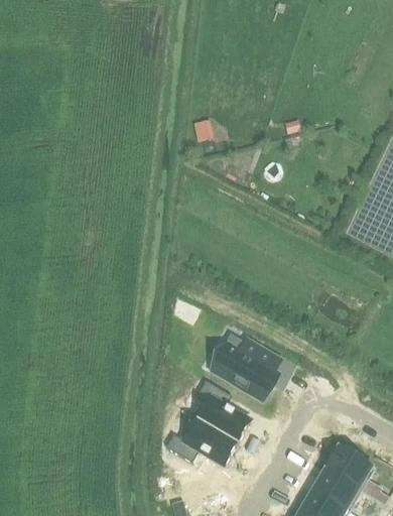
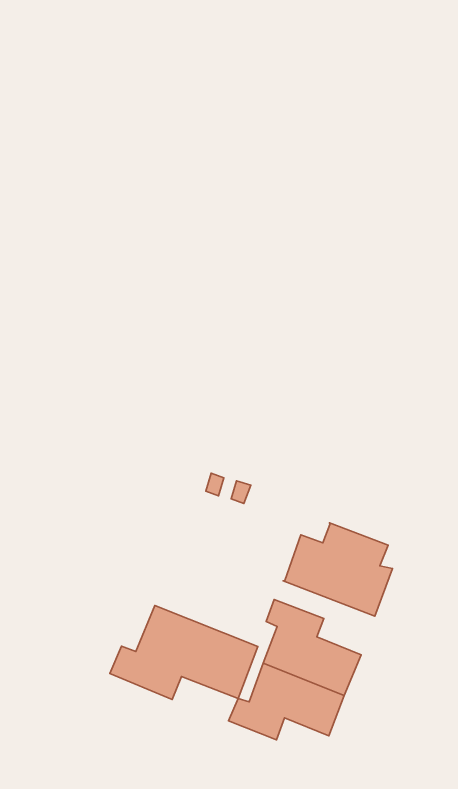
building: none -> [110,605,258,699]

